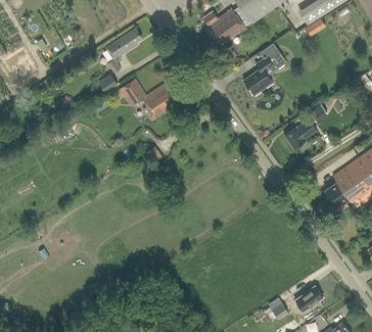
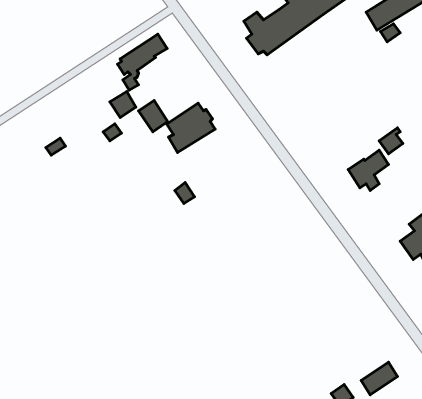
building: [243,49,287,94] -> none

